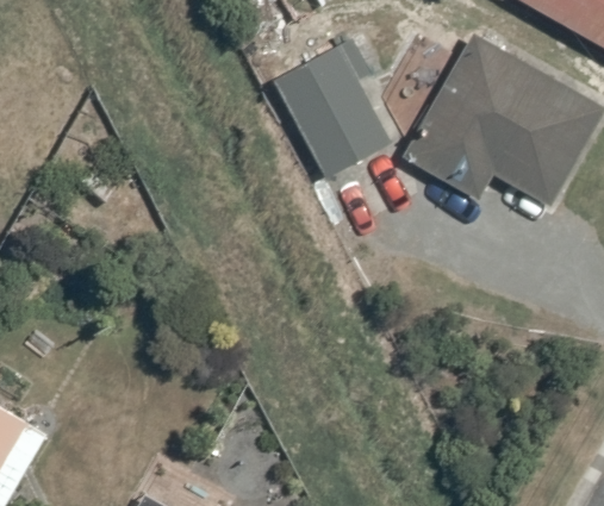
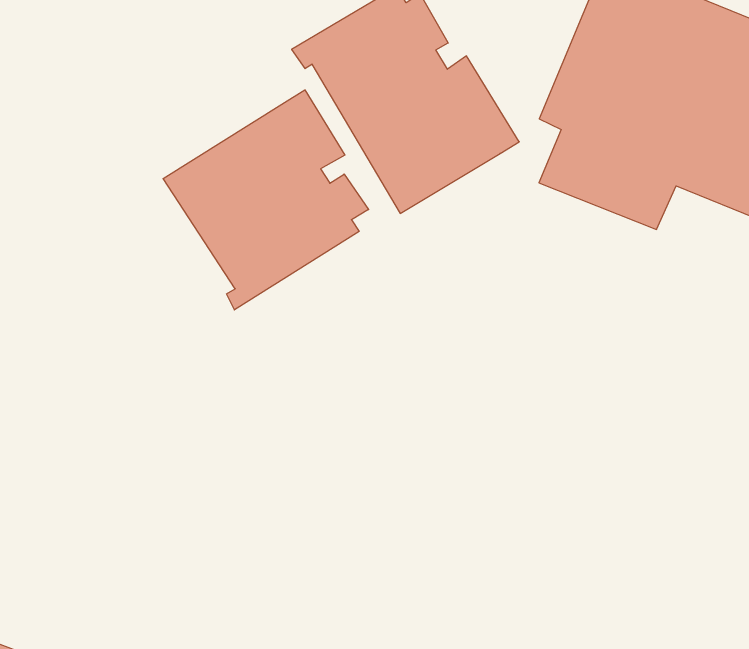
building: none -> [163,90,369,310]

